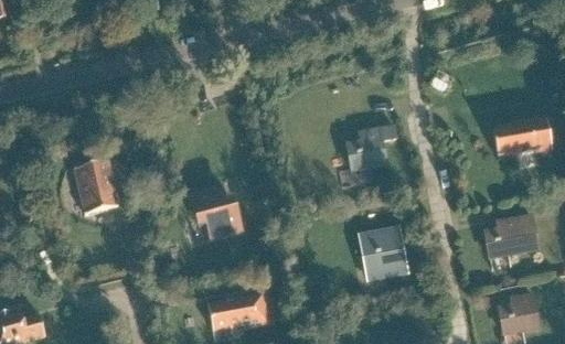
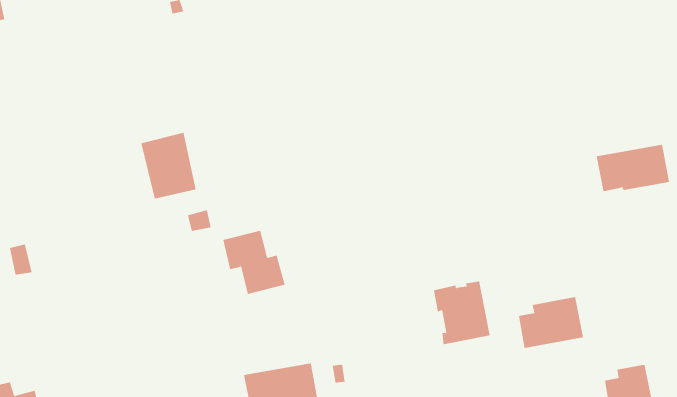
building: [347,126,396,171] -> none
building: [74,160,119,214] -> [140,132,197,199]
building: [484,216,537,258] -> [518,297,584,349]

